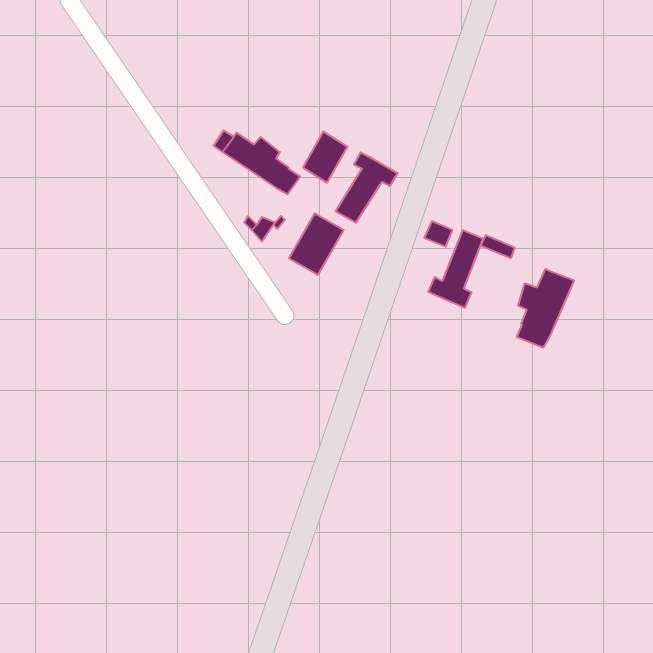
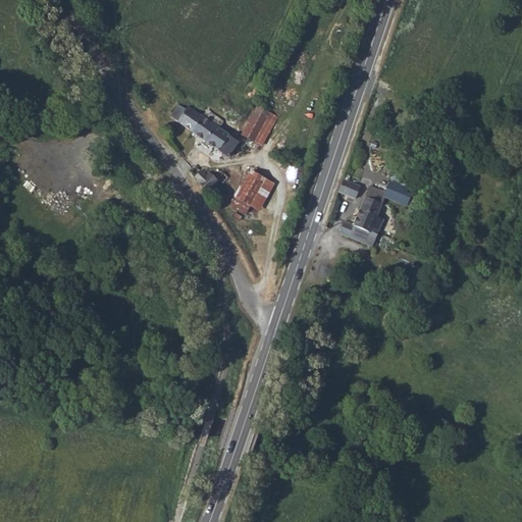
building: [335,152,398,223] -> none
building: [517,269,574,348] -> none

